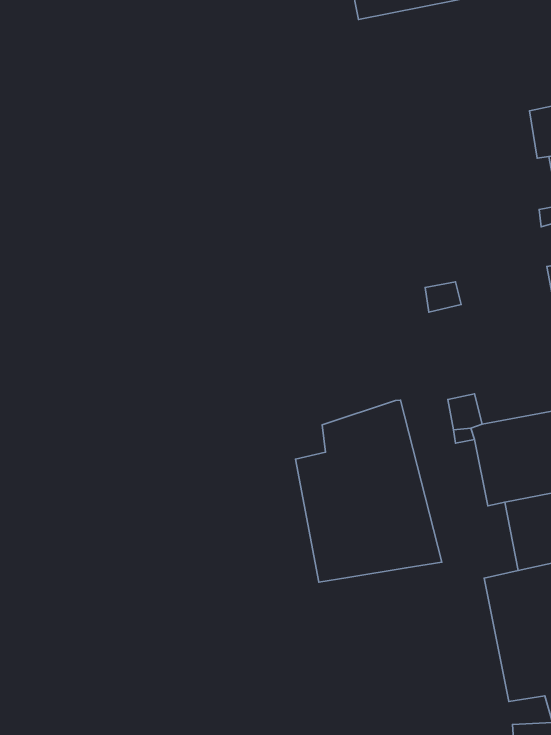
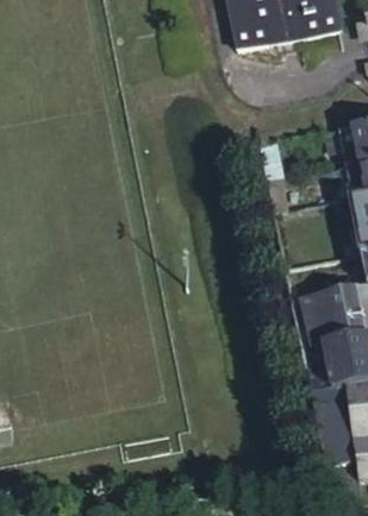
building: [296,400,442,582] -> none

